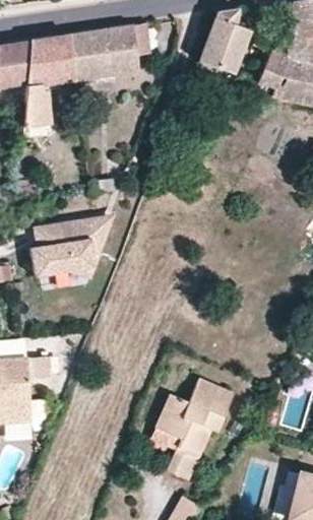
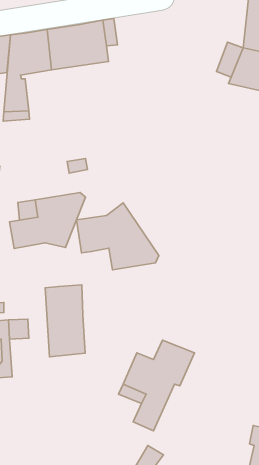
building: [199,8,250,72] -> none
building: none -> [76,203,159,270]
building: none -> [45,285,85,357]

